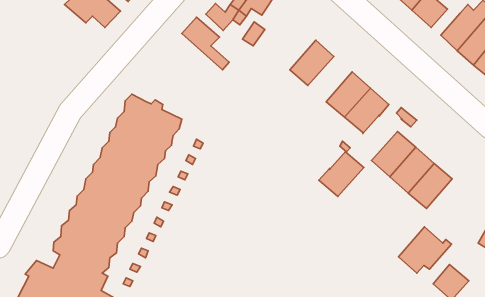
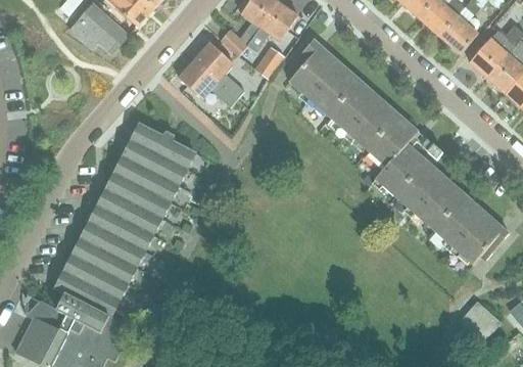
building: none -> [290,38,337,98]
building: none -> [179,59,238,106]
building: none -> [329,84,376,132]
building: [319,151,364,196] -> [376,146,424,194]
building: [399,227,452,273] -> [455,214,511,263]

